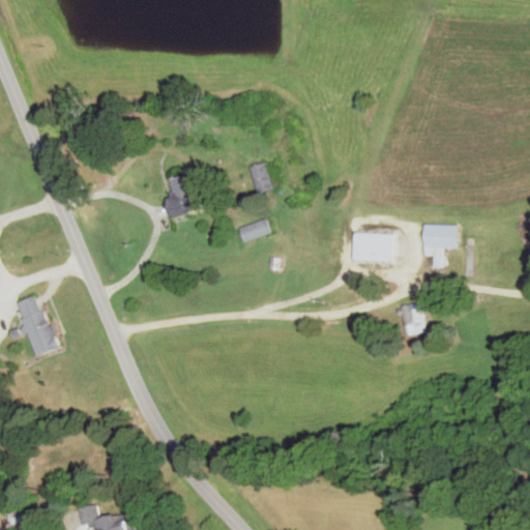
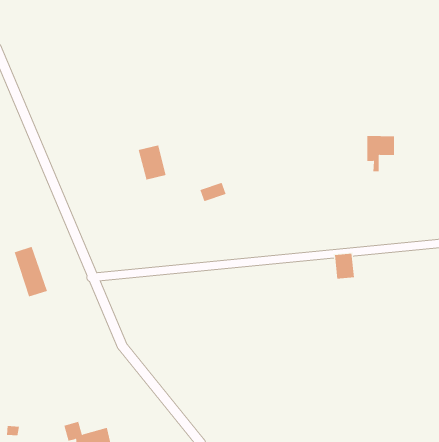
building: [247,161,271,194] -> none
building: [423,224,458,267] -> [366,135,395,172]
building: [354,233,393,262] -> none

